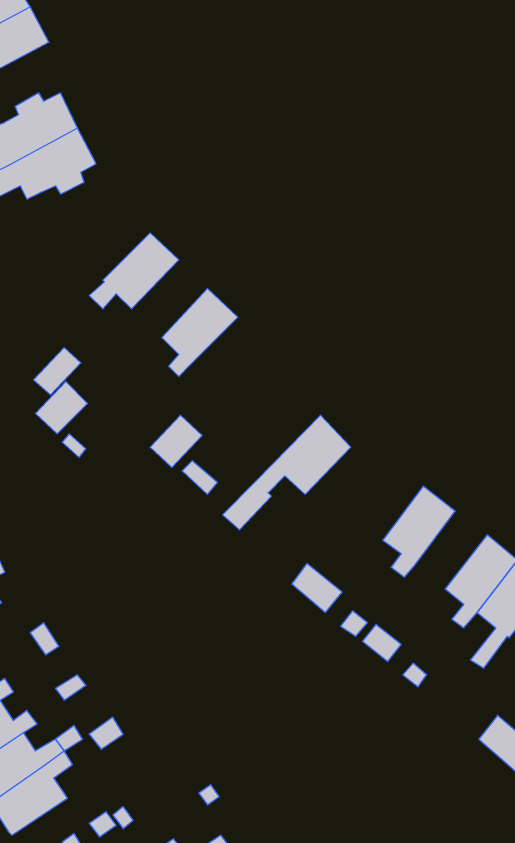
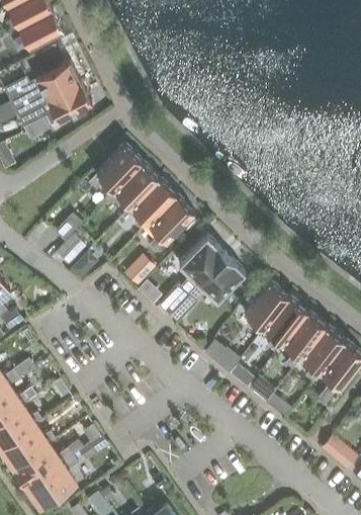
building: none -> [112,162,158,208]
building: none -> [148,196,193,252]
building: none -> [159,237,225,315]
building: none -> [244,282,287,330]
building: none -> [282,313,326,370]

